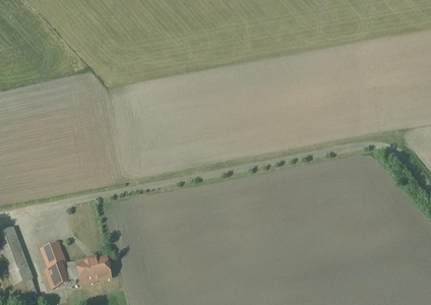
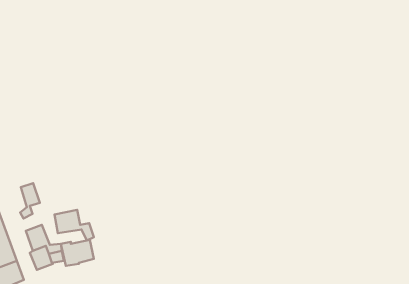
building: none -> [20,183,40,219]
building: none -> [54,210,94,240]

